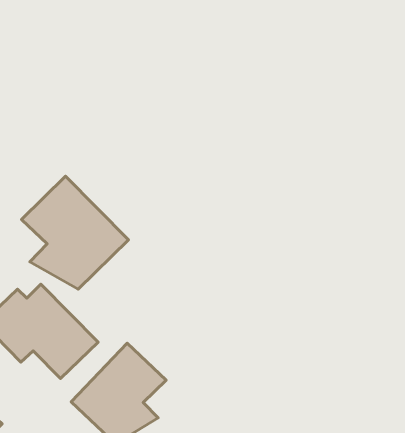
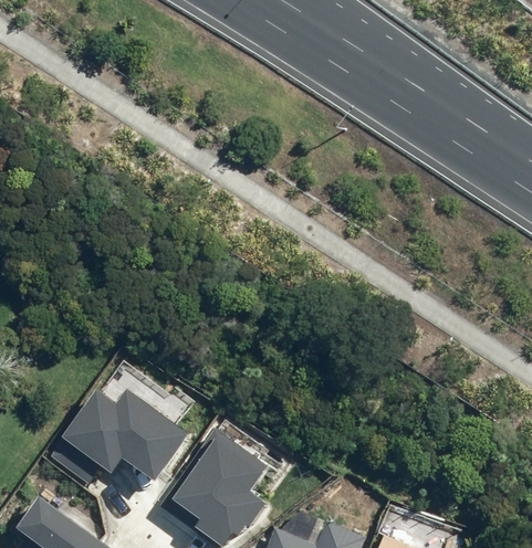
building: [22,176,129,289] -> none

